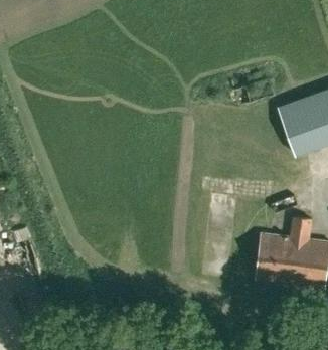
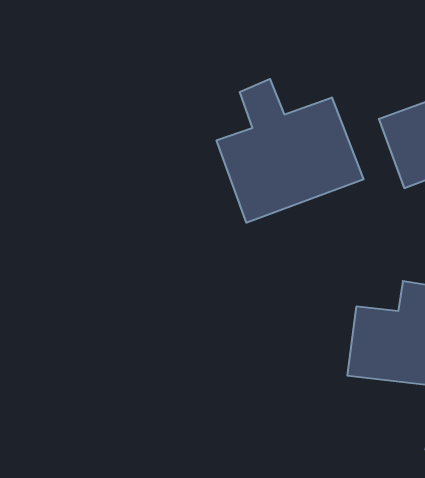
building: none -> [217,79,364,223]

